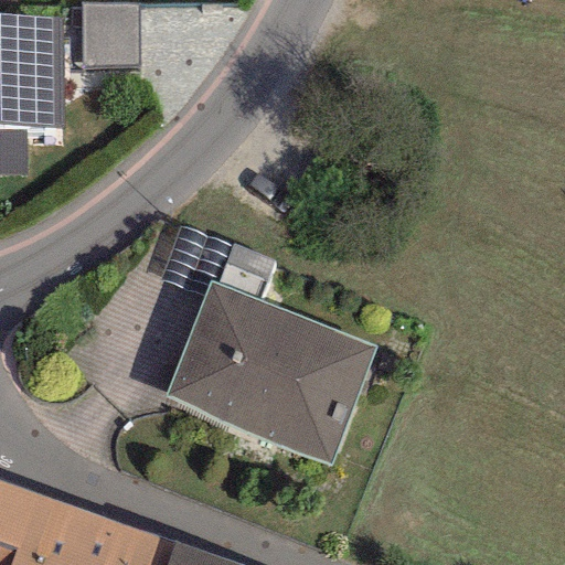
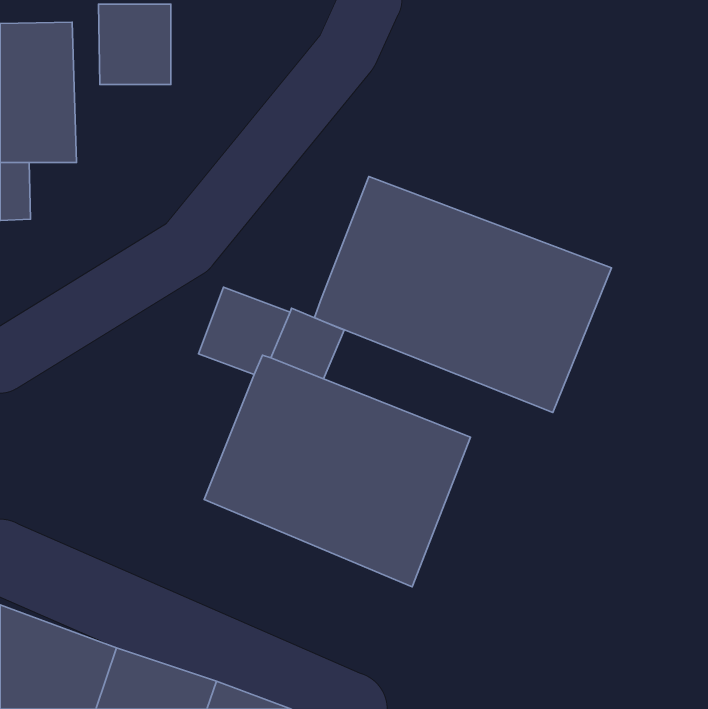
building: none -> [314,177,611,412]

